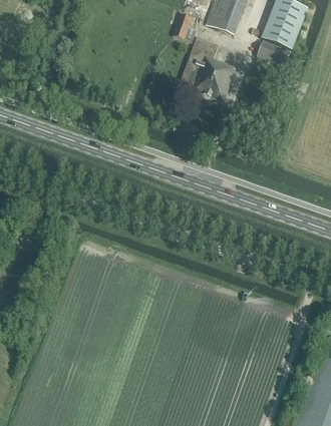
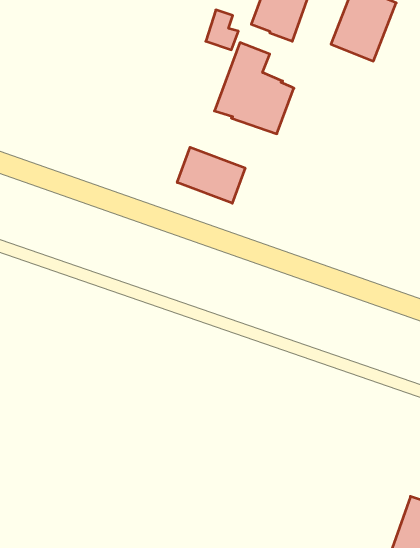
building: [257,41,291,67] -> none
building: none -> [177,147,245,203]

